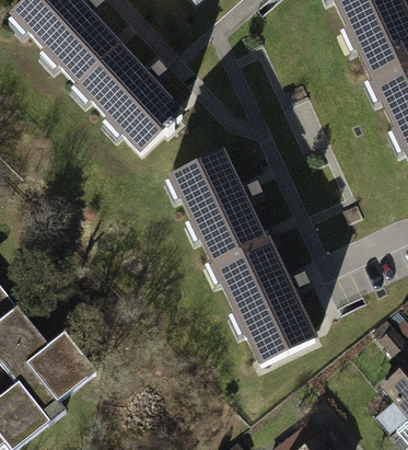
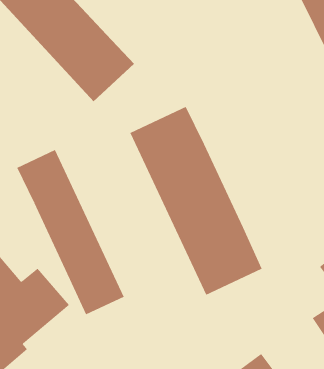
building: none -> [17,149,124,315]

